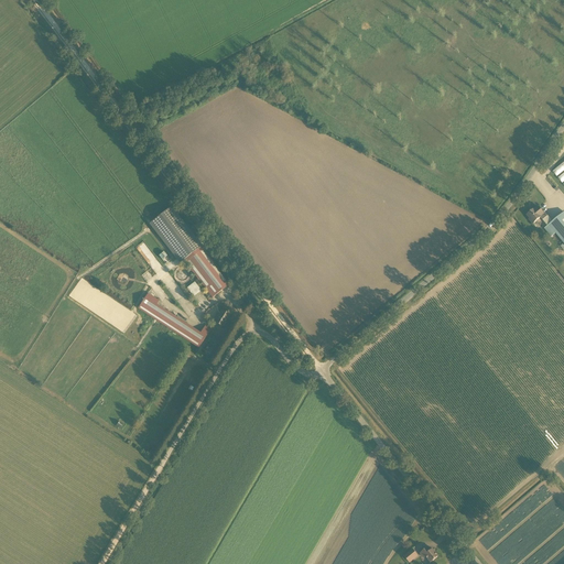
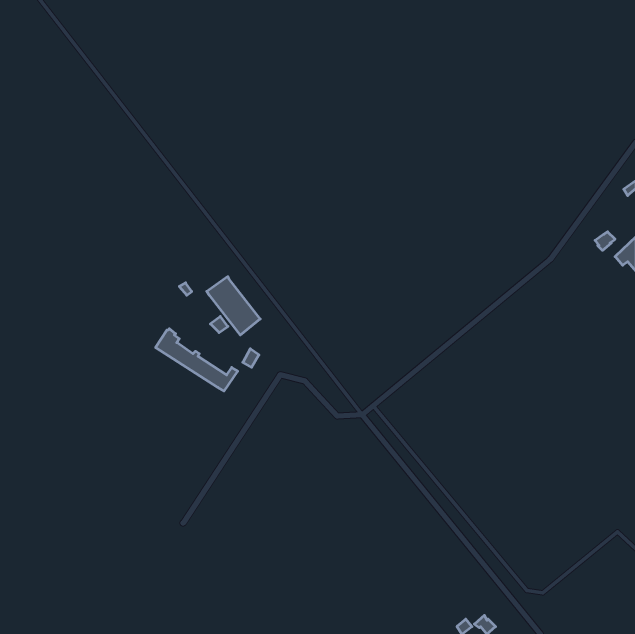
building: [150,205,203,262] -> none

